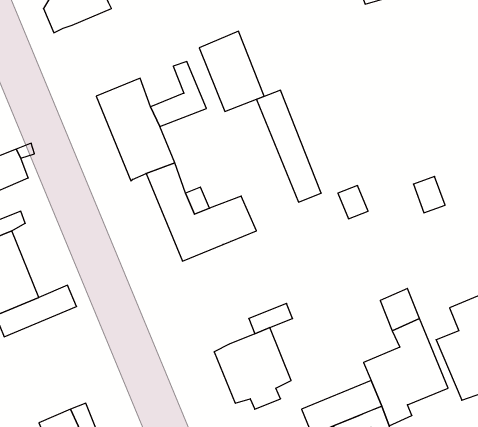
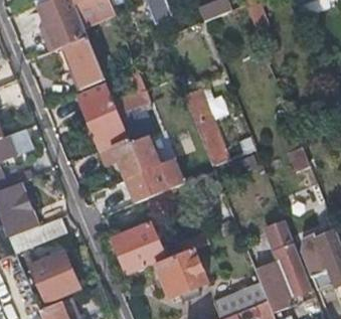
building: [199,31,264,111] -> [61,34,105,88]
building: none -> [113,220,166,274]
building: none -> [31,252,78,300]

